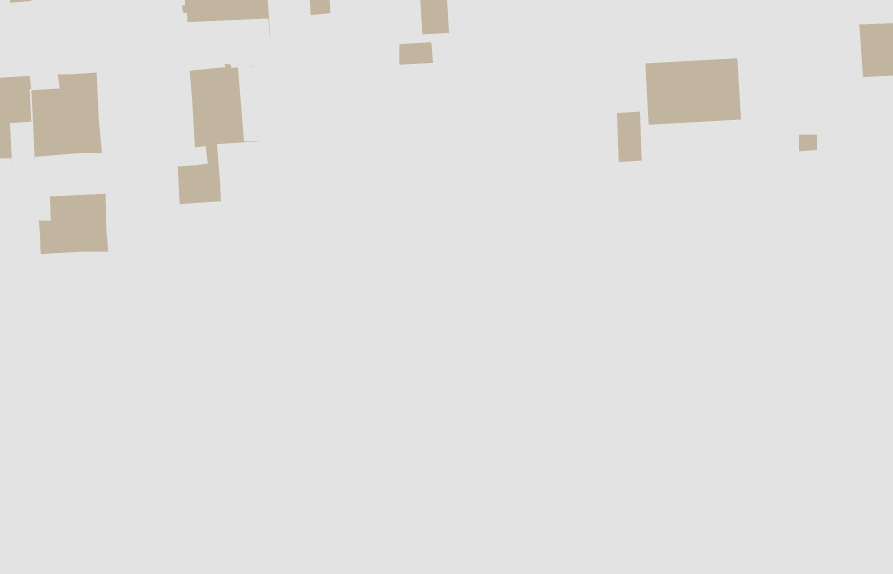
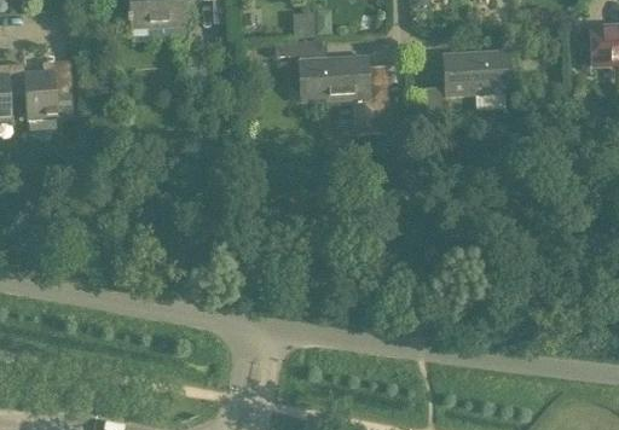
building: [177,63,260,205] -> none
building: none -> [300,56,391,134]
building: [38,193,111,255] -> none

